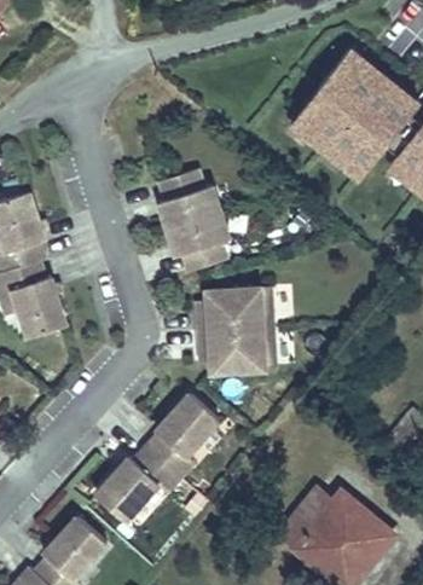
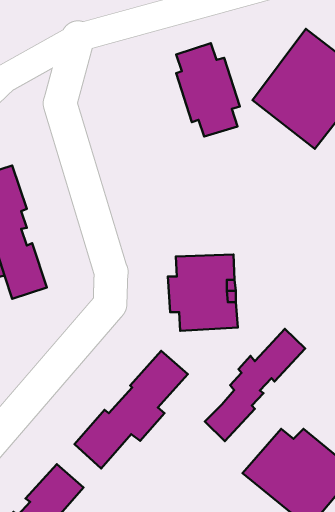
building: [158,173,227,274] -> [176,43,240,137]
building: none -> [205,329,305,441]

